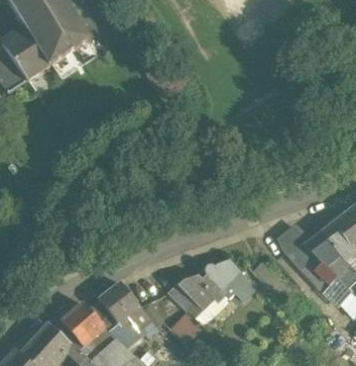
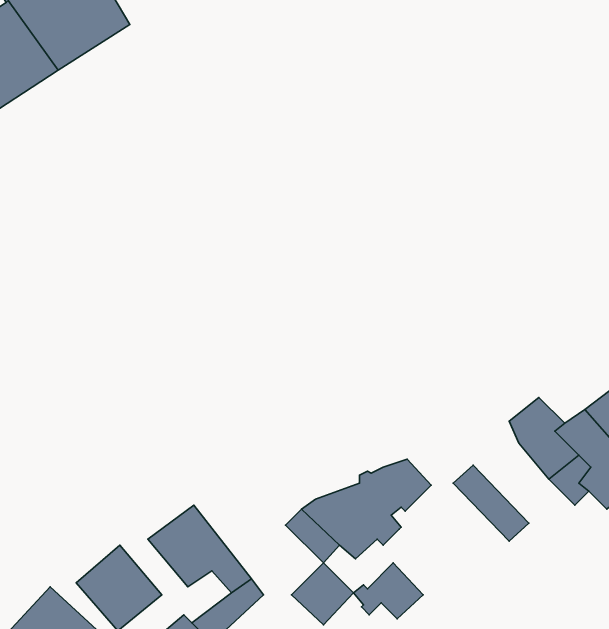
building: [221,272,256,300] -> [353,563,423,619]

